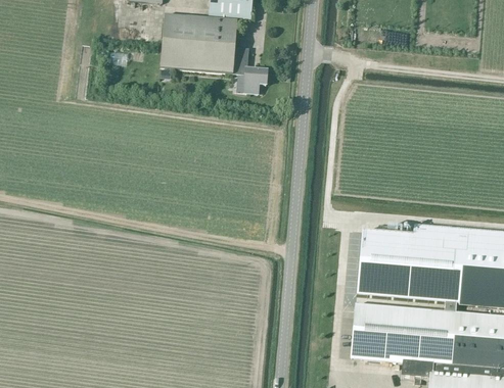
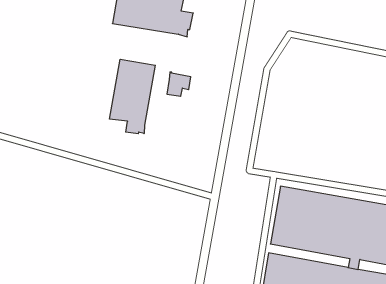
building: [244,64,269,90] -> [167,72,191,96]
building: none -> [110,59,155,134]

